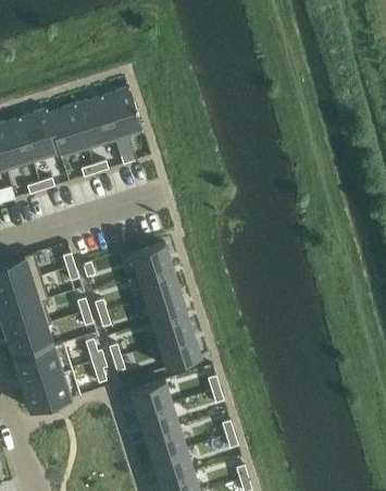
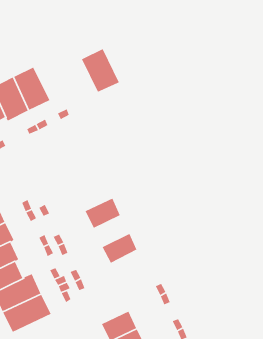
building: [100,87,142,139] -> [81,48,120,93]
building: [129,243,172,277] -> none
building: [144,289,186,322] -> none
building: [158,332,200,368] -> none
building: [128,380,172,414] -> none

